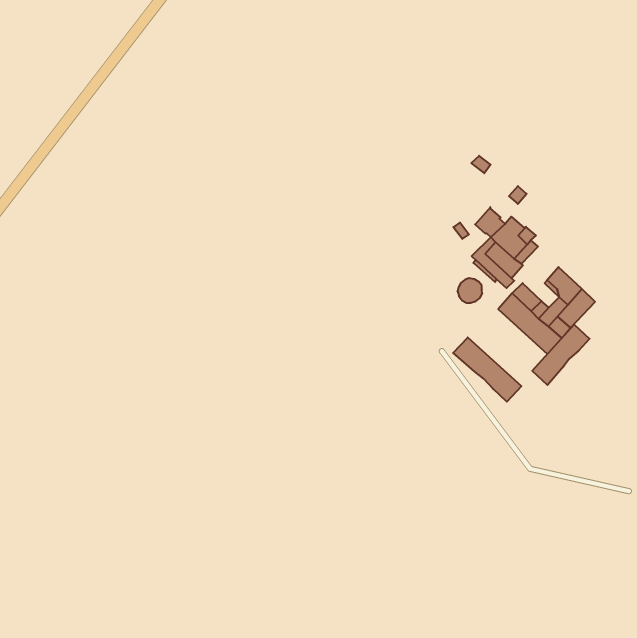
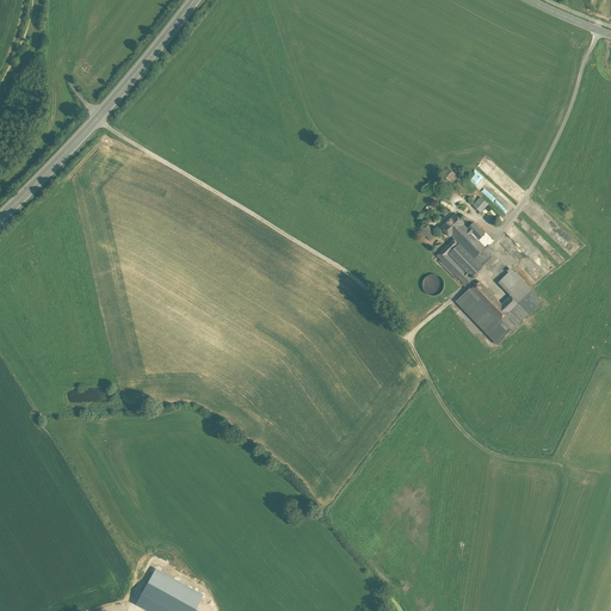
building: [532,325,590,385] -> none
building: [453,337,521,402] -> none

